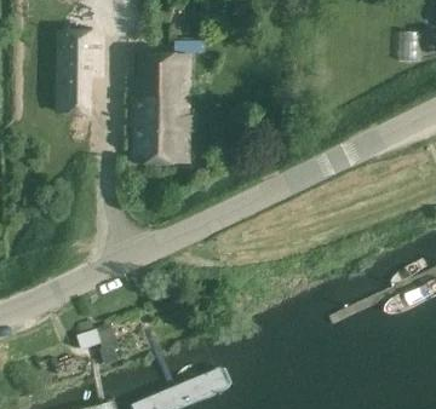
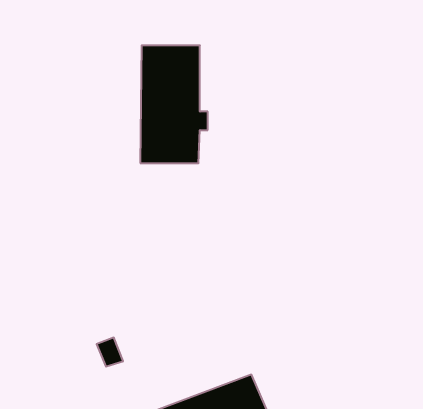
building: [58,33,109,122] -> none

